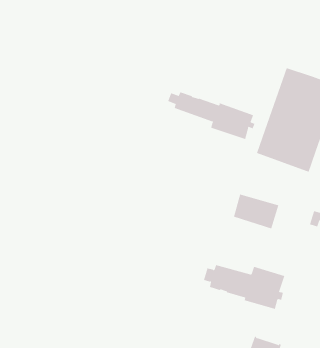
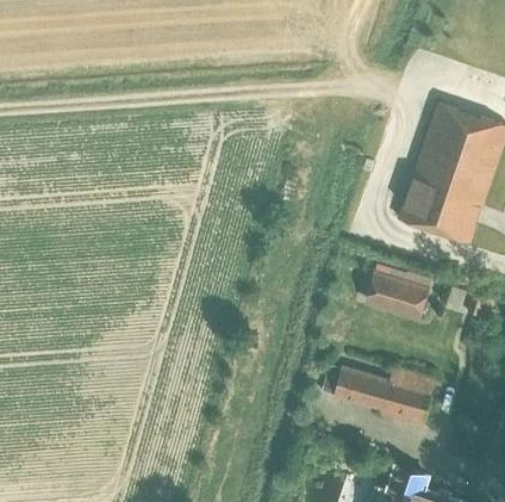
building: [168,92,255,140] -> none

